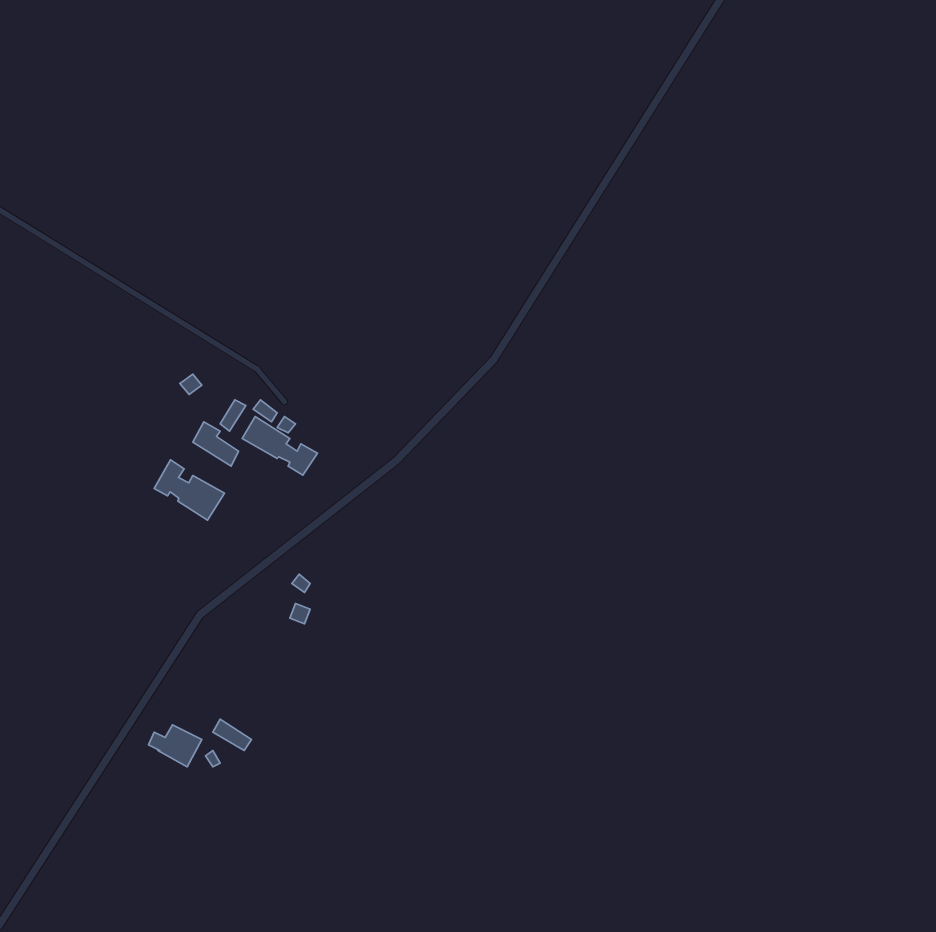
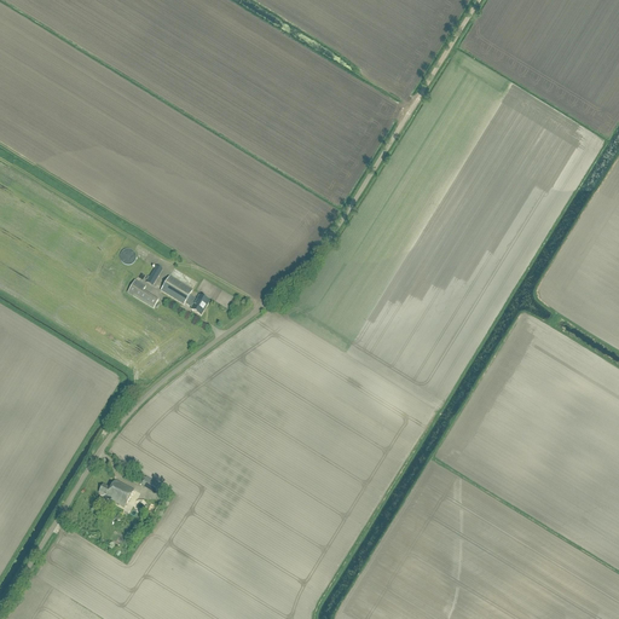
building: [154,460,224,520] -> none

